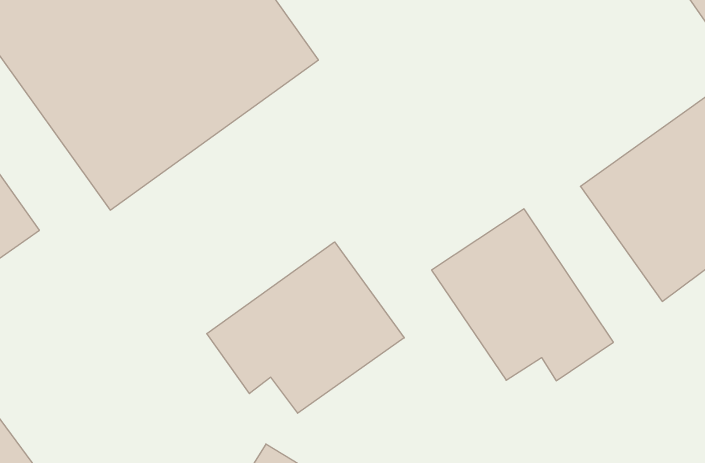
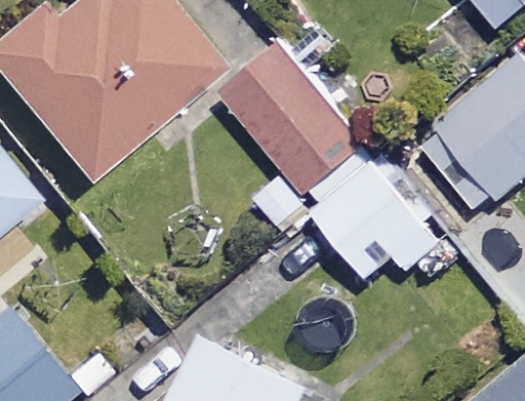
building: none -> [227,49,363,193]
building: [207,242,404,413] -> none

